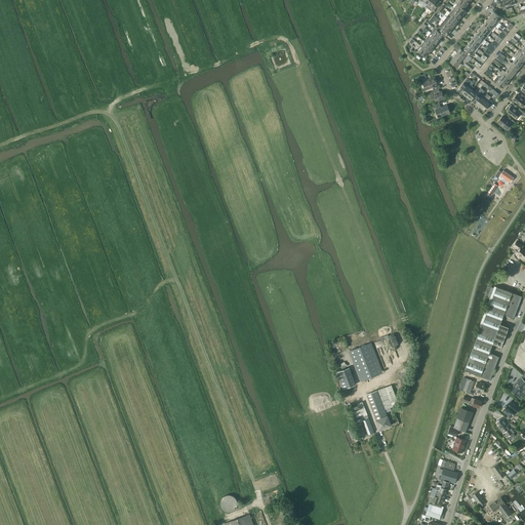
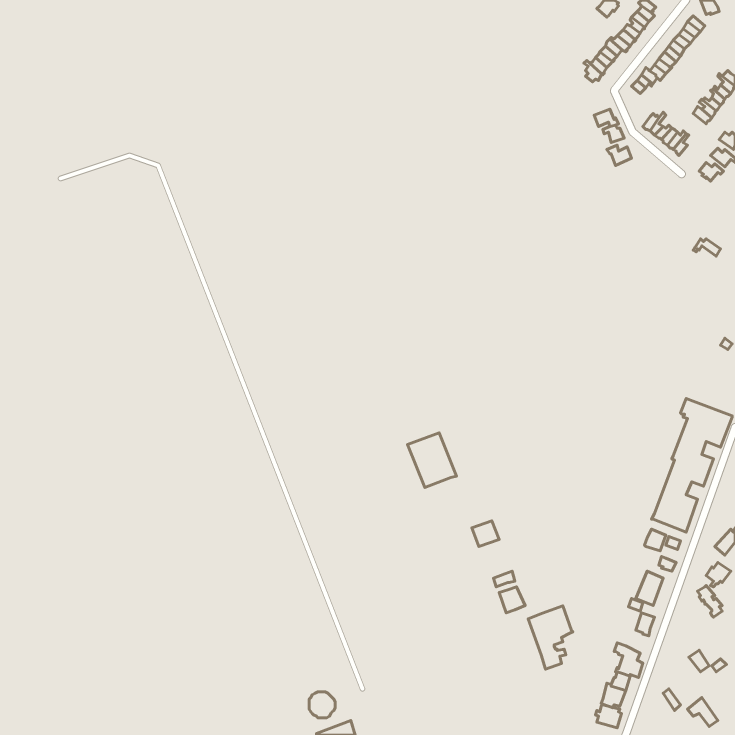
building: [349,342,383,381] -> [408,433,456,488]
building: [367,385,399,430] -> [528,606,573,669]

